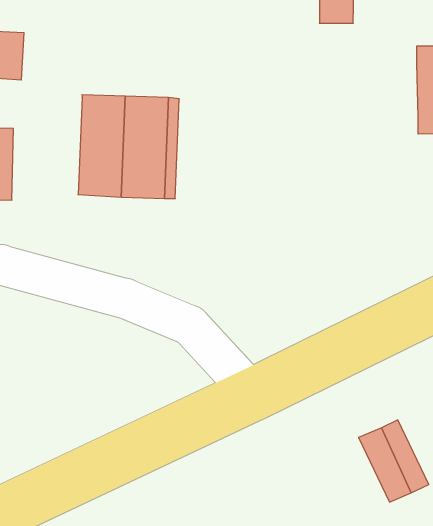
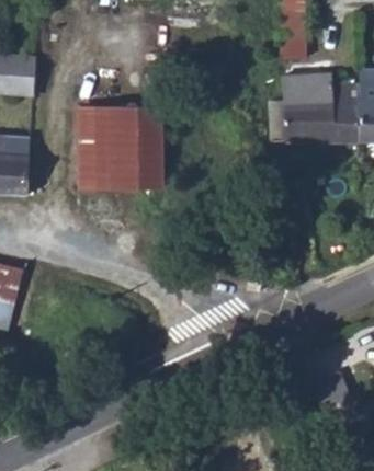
building: none -> [271,72,358,140]

